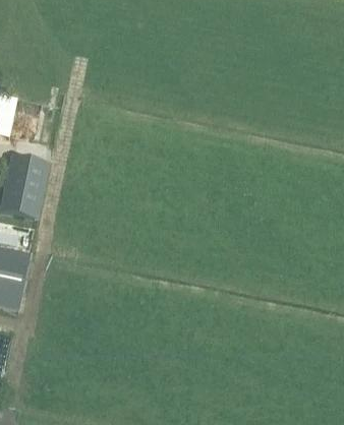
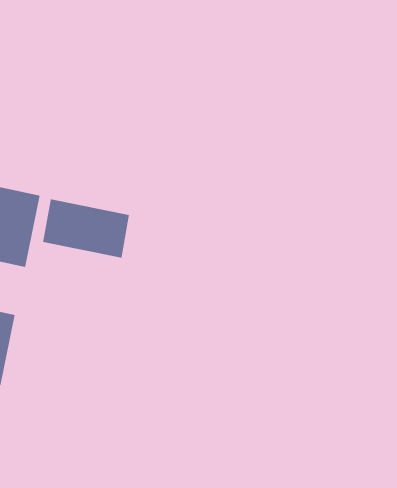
building: none -> [42,199,130,258]

